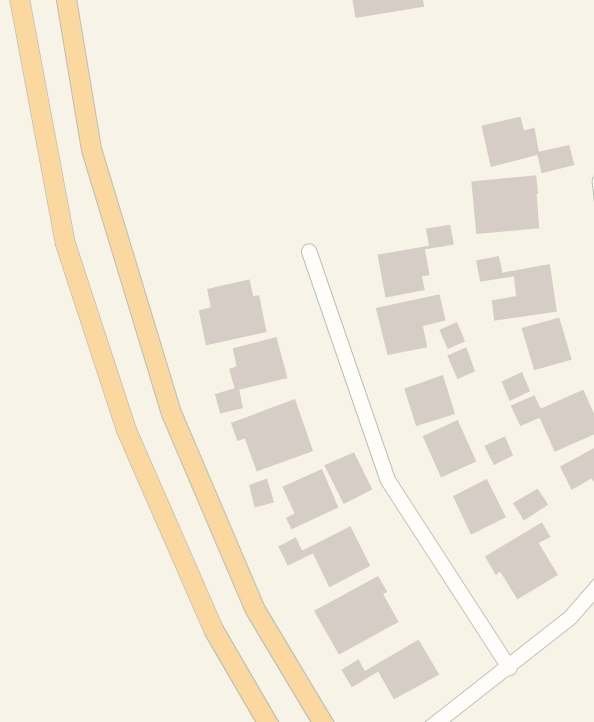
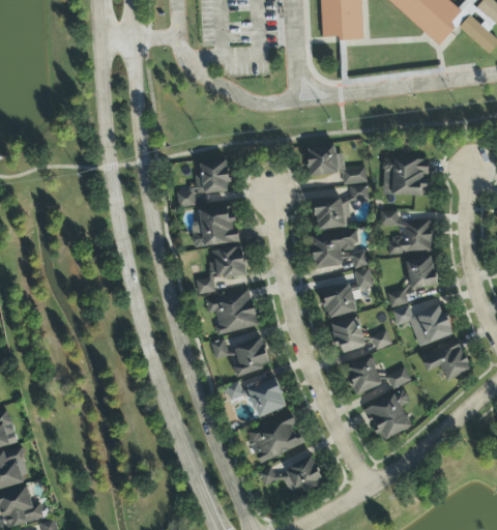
building: [480,116,575,174] -> [306,144,367,184]
building: none -> [176,158,230,206]
building: [323,451,374,505] -> none

